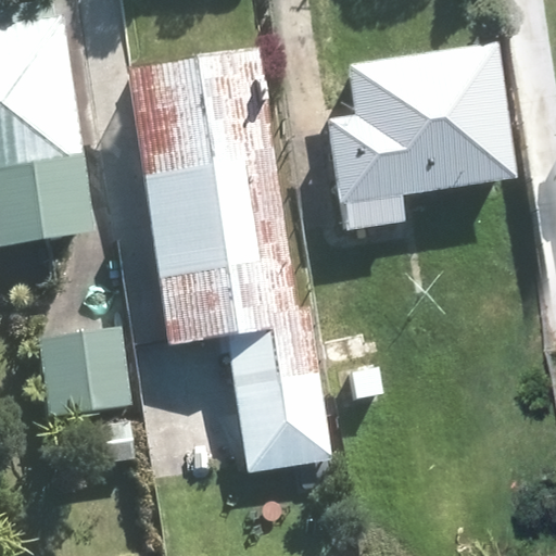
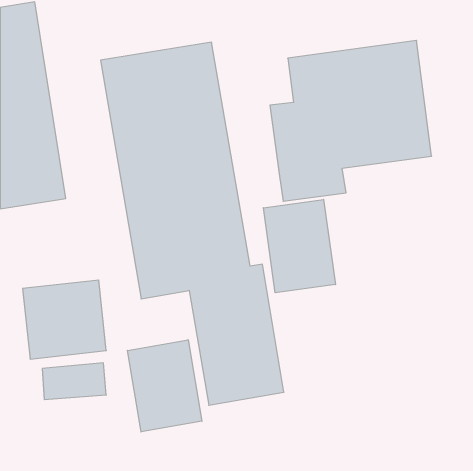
building: none -> [263,199,335,293]
building: none -> [127,340,202,432]

